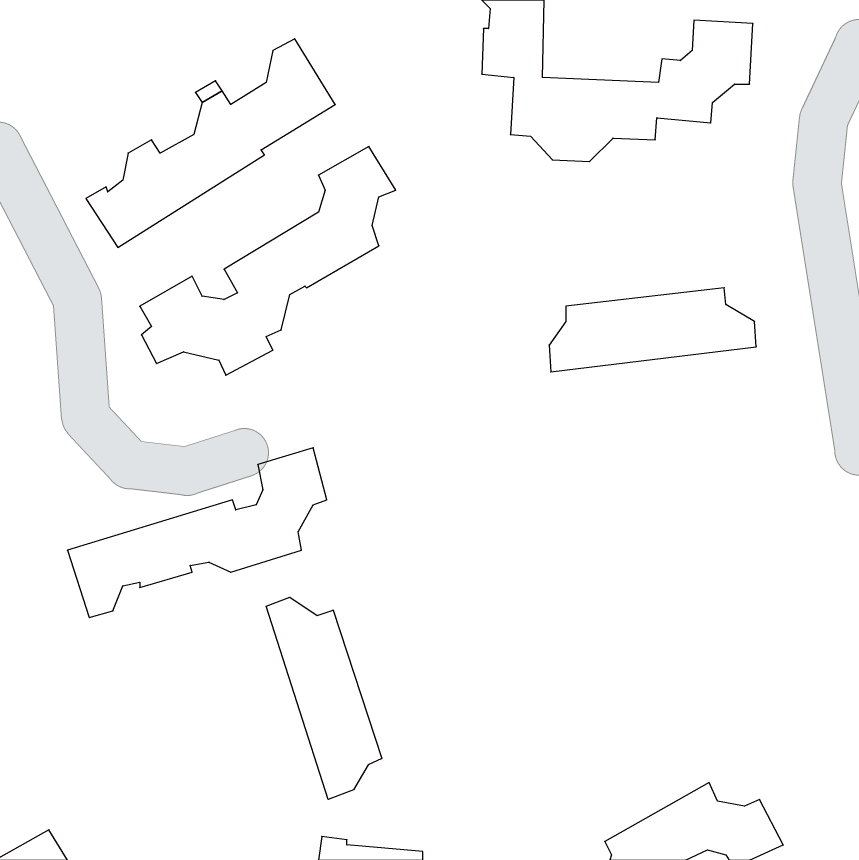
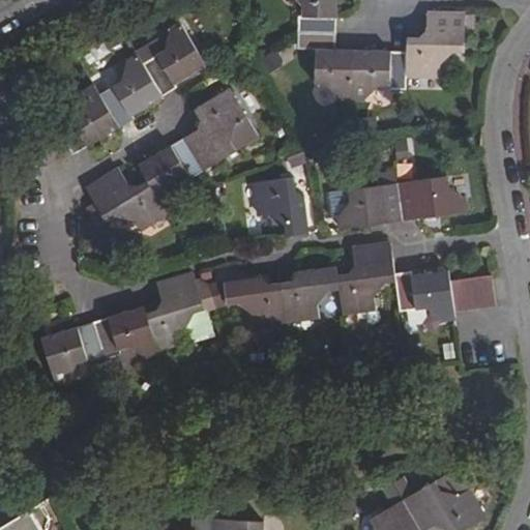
building: none -> [255,179,308,235]
building: none -> [225,243,493,321]
building: [266,597,382,799] -> none

